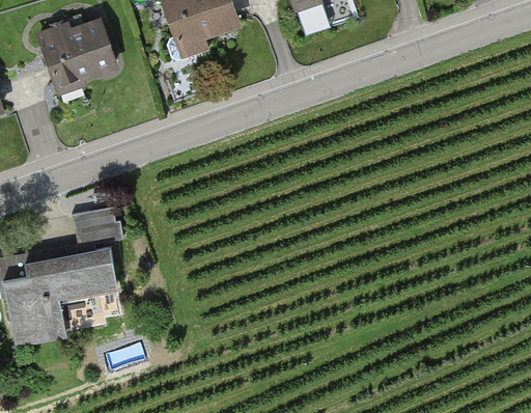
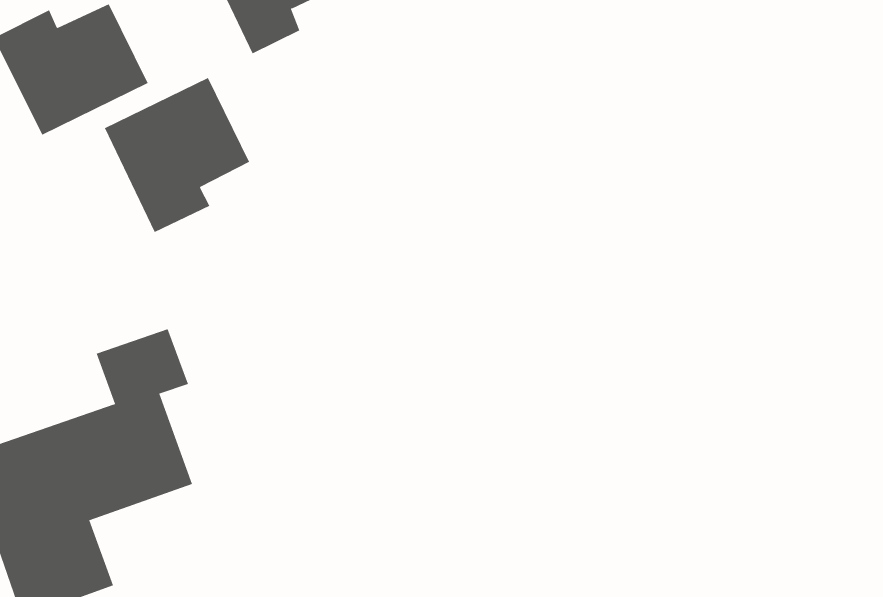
building: none -> [104,77,250,233]

